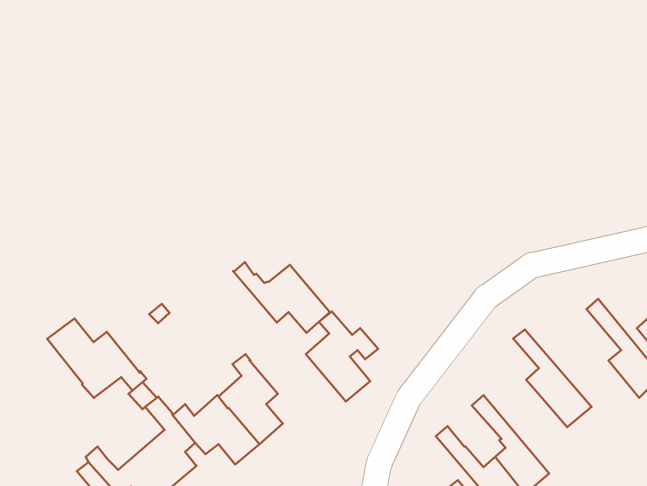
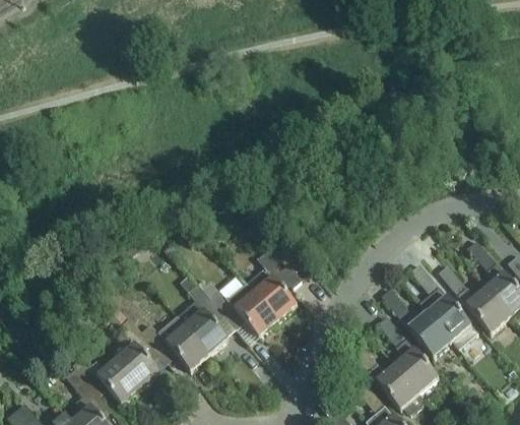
building: [233,262,330,333] -> [201,280,277,336]
building: [47,318,146,398] -> none
building: none -> [438,262,509,332]
building: none -> [381,287,452,356]

